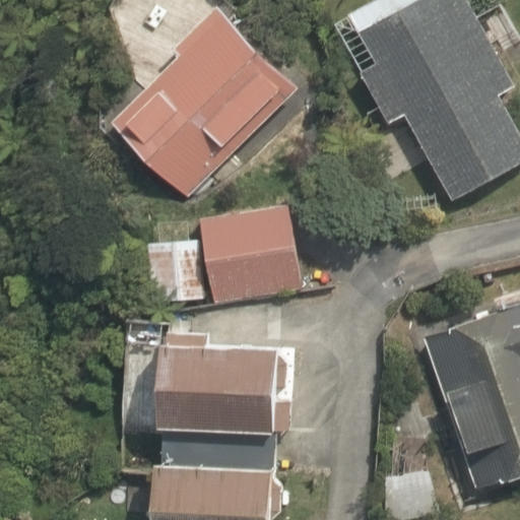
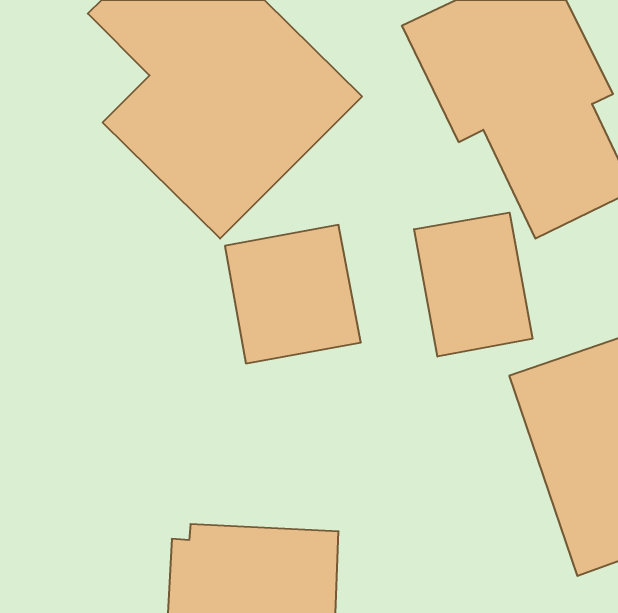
building: none -> [414,213,532,357]
building: [141,323,267,421] -> none

